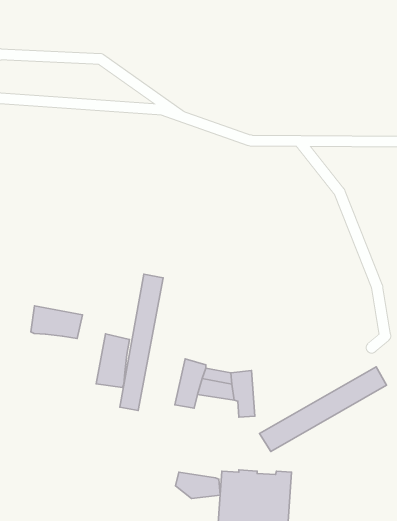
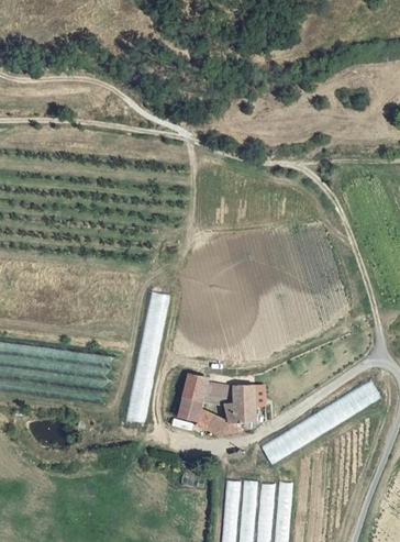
building: [31,306,83,339] -> none
building: [96,334,129,388] -> none
building: [175,472,220,499] -> [198,408,241,433]

